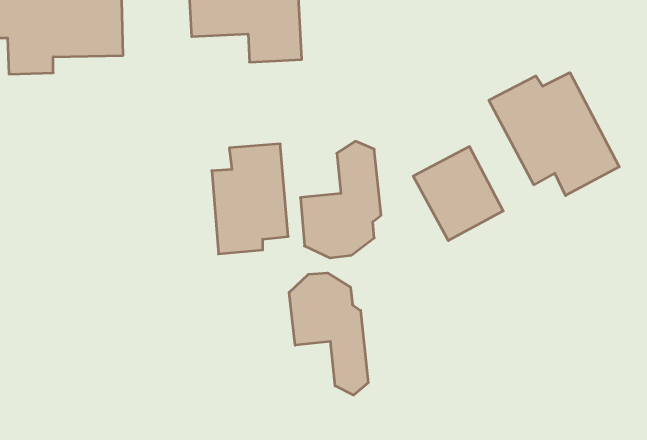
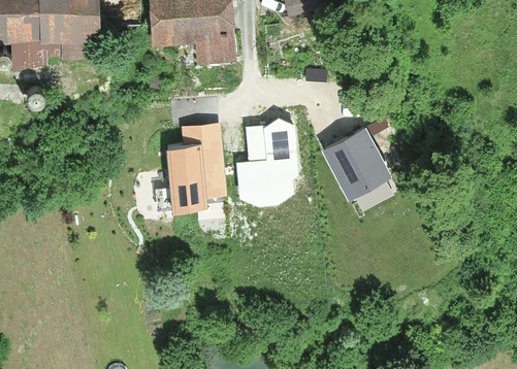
building: [489,73,619,196] -> none
building: [289,273,368,395] -> none

